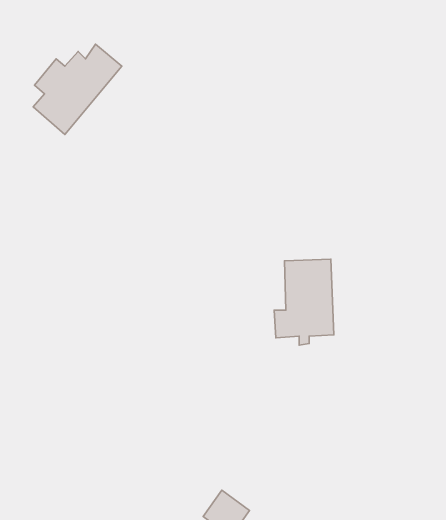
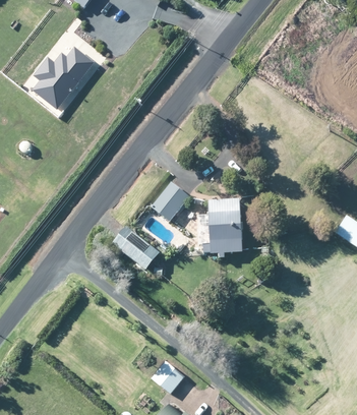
building: none -> [152,181,188,221]
building: none -> [111,224,163,271]

